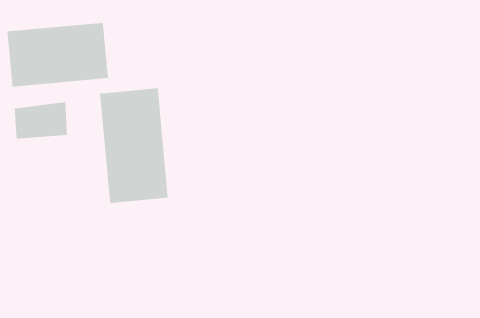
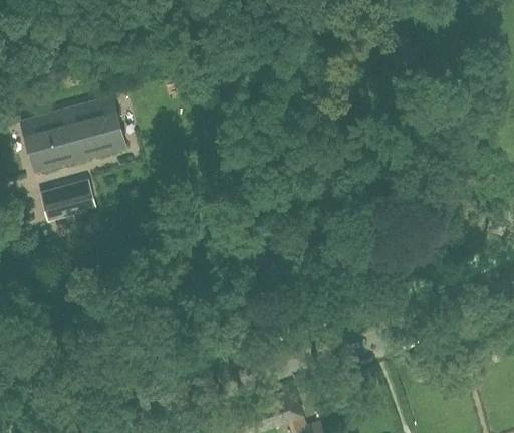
building: [99,88,169,204] -> none

